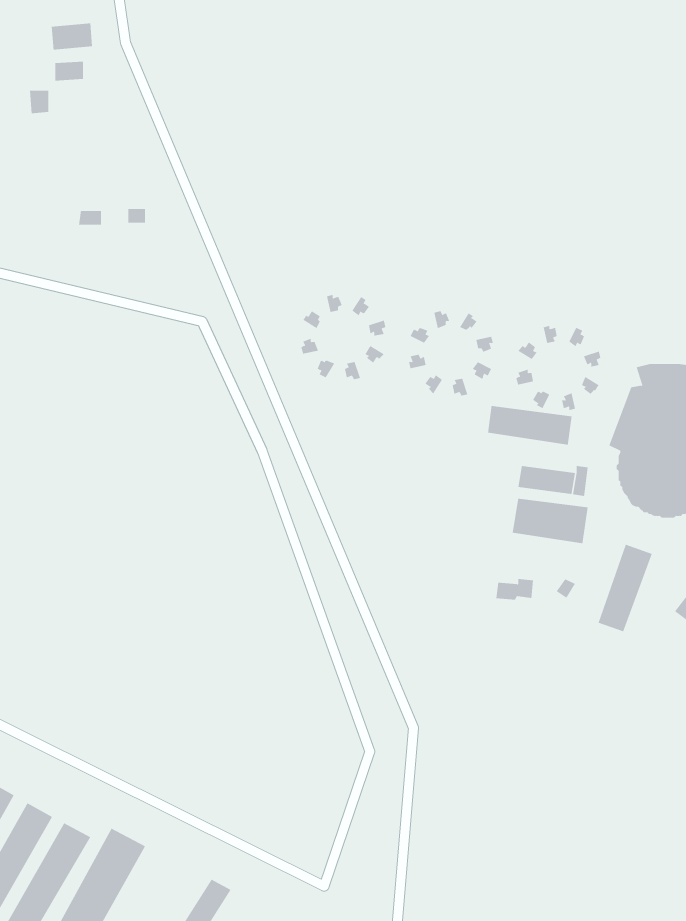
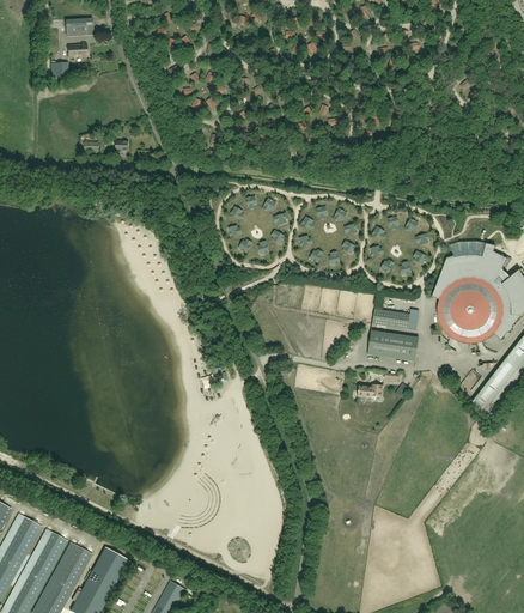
building: [488,405,572,445] -> none
building: [598,544,652,632] -> none

